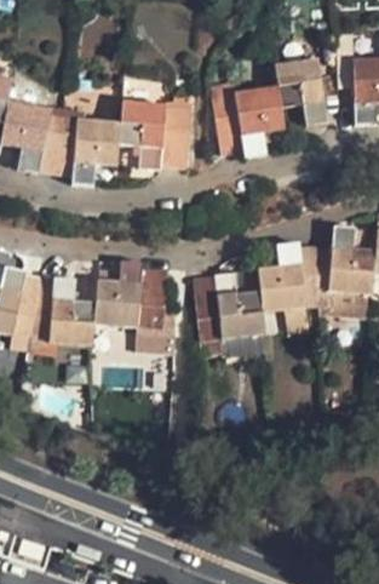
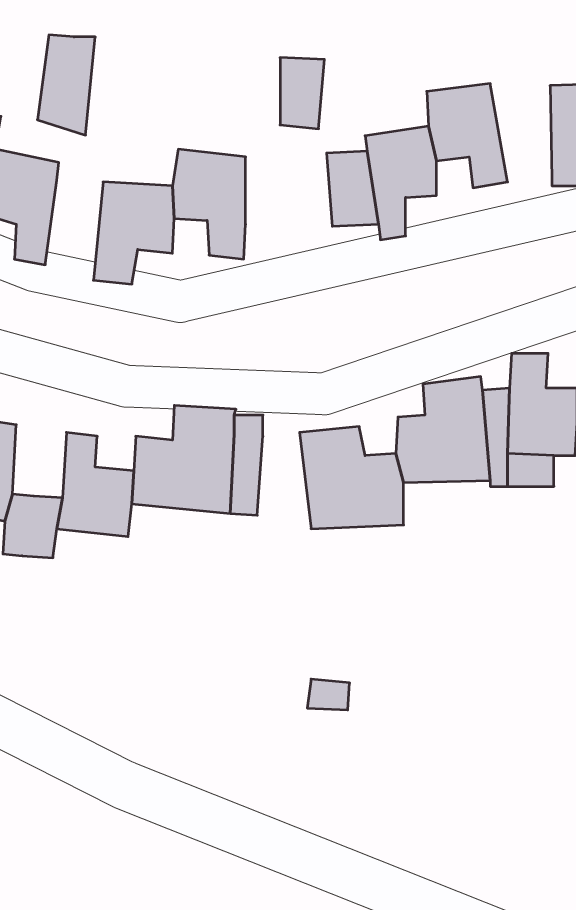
building: [163,104,191,149] -> [280,58,324,129]
building: [38,119,74,182] -> [37,35,95,135]
building: [17,273,51,319] -> none

